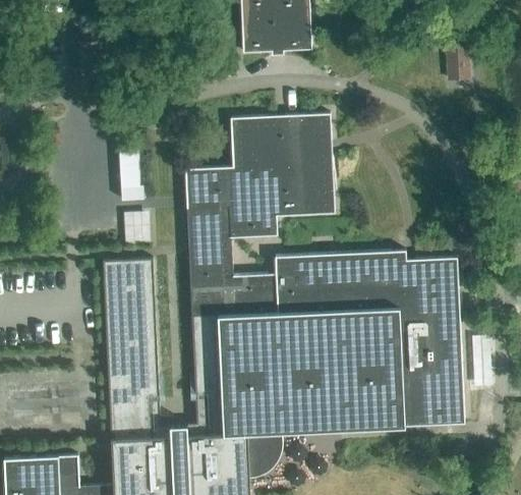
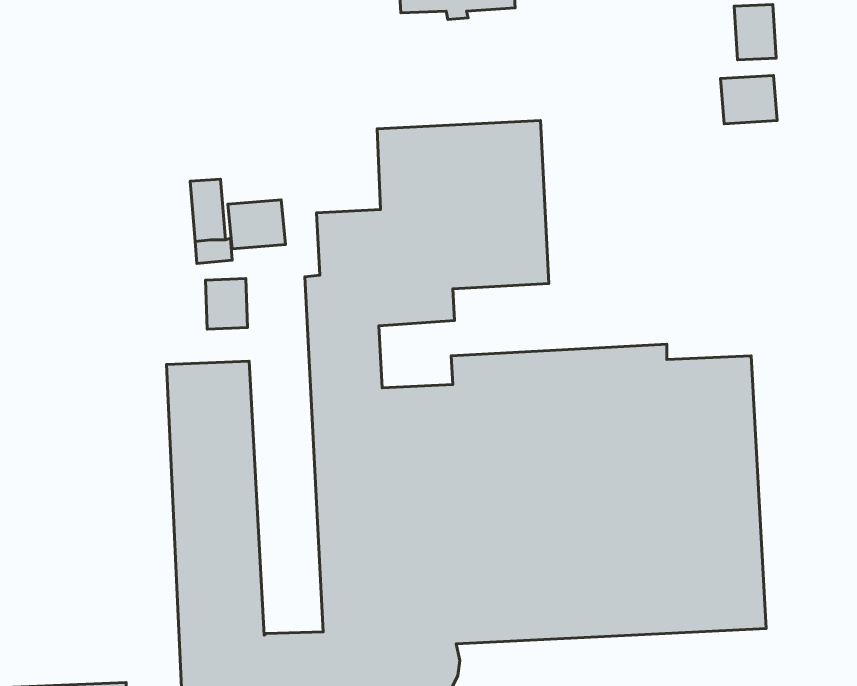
building: none -> [721,75,777,124]
building: none -> [228,200,286,249]

